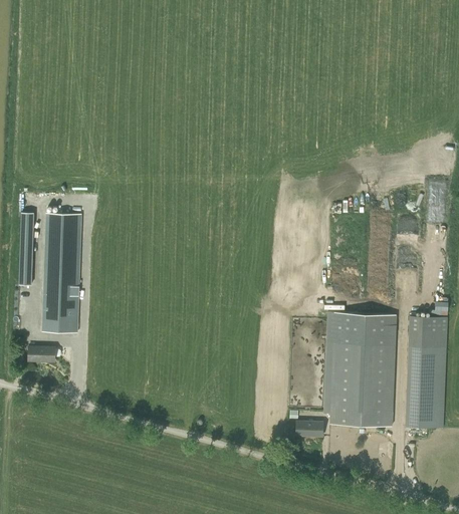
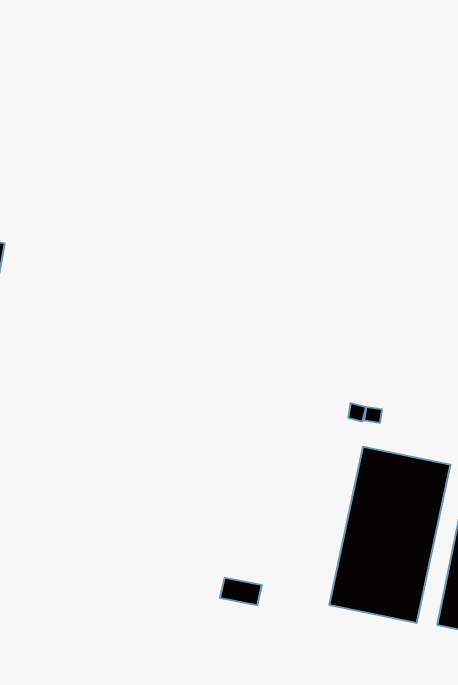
building: [296,422,323,437] -> [220,578,262,605]

